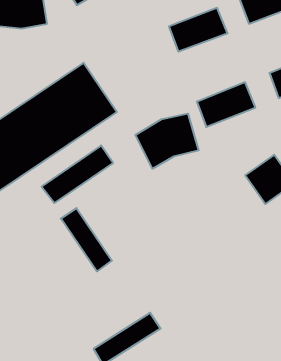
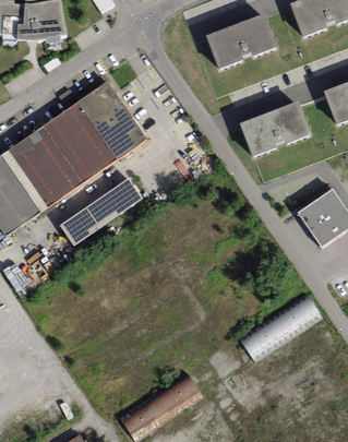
building: [136,114,199,169] -> none
building: [61,208,112,271] -> none
building: none -> [239,295,319,358]

